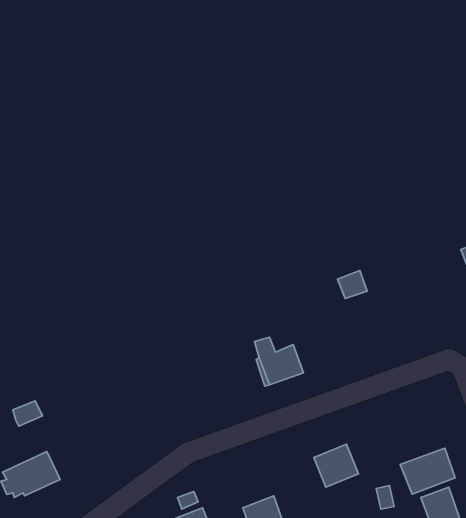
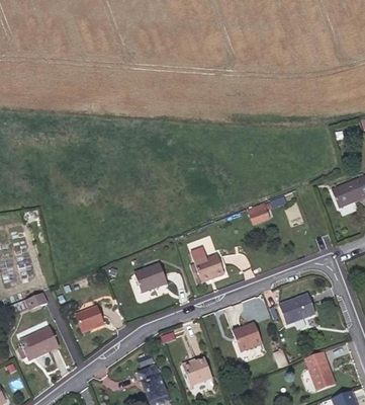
building: none -> [134,263,167,292]
building: none -> [76,306,103,332]
building: [400,448,455,494] -> [278,293,315,324]

